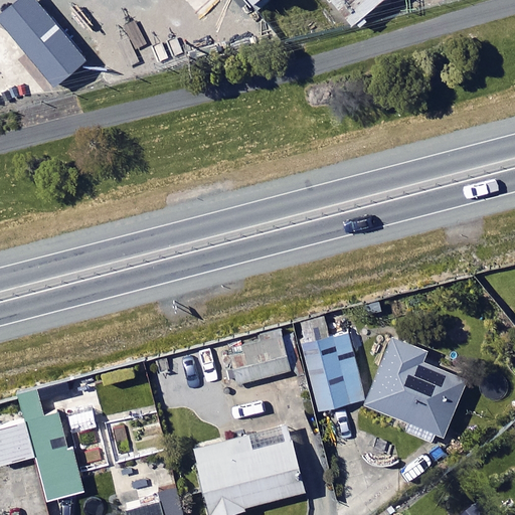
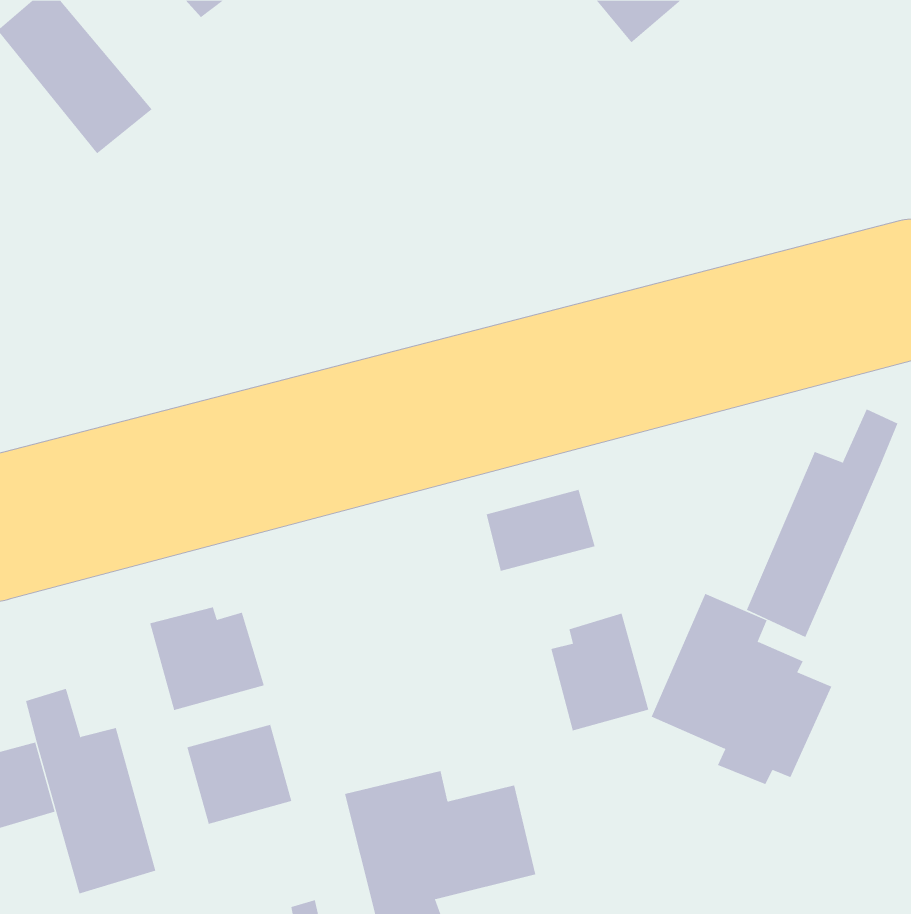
building: none -> [746,408,898,638]
building: [229,337,291,383] -> [486,489,595,572]
building: none -> [150,606,264,711]

